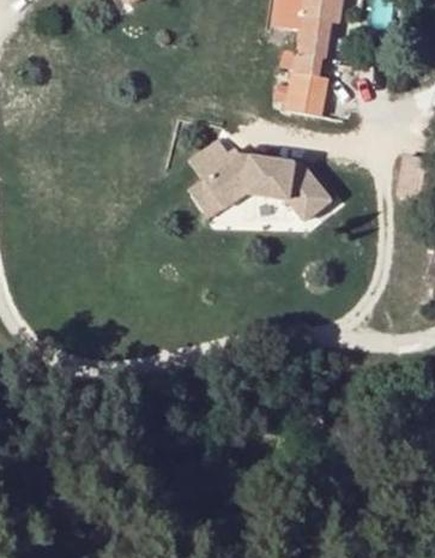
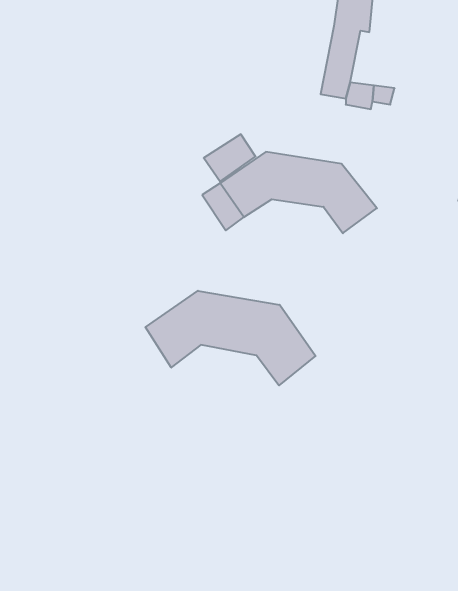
building: none -> [145,291,316,385]

